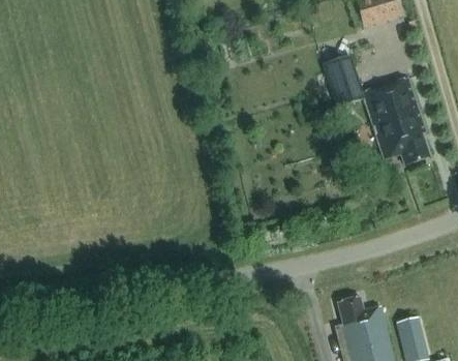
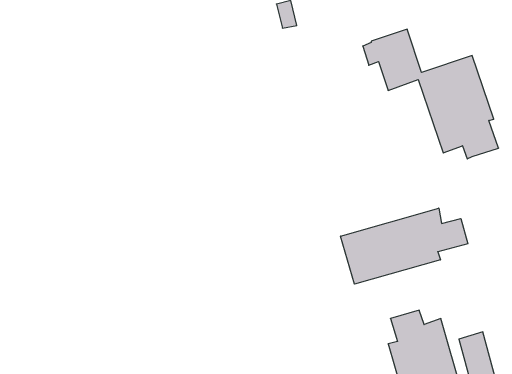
building: none -> [341,208,468,284]

